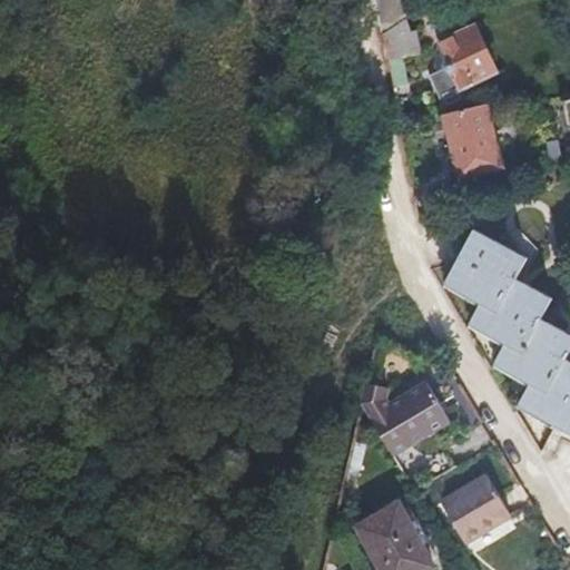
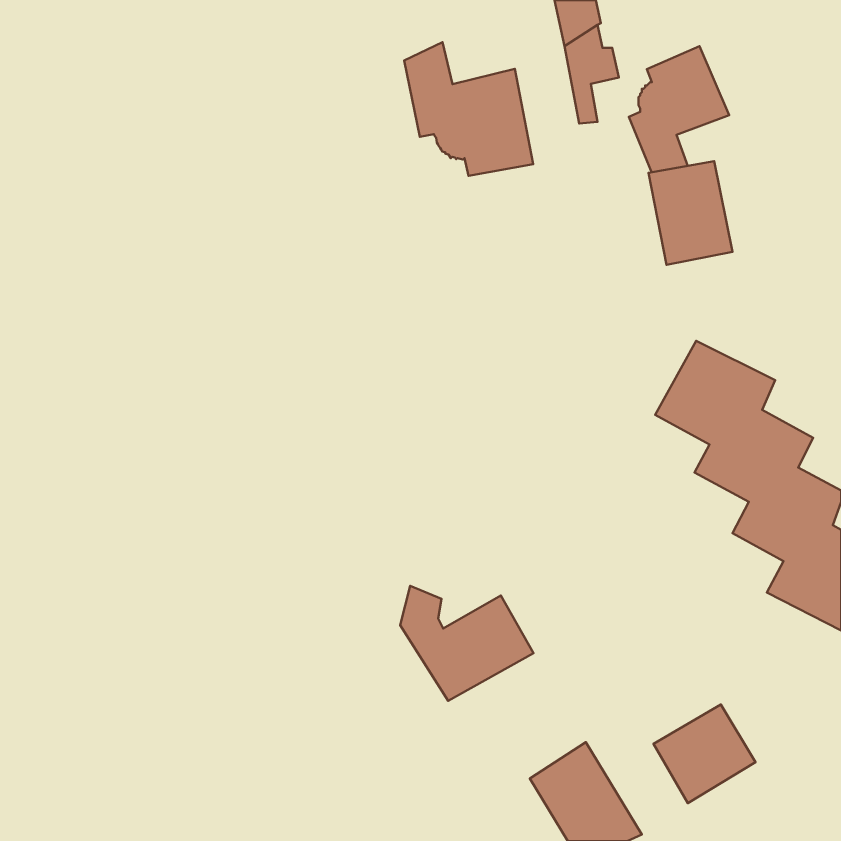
building: none -> [404,42,533,176]
building: [361,377,451,455] -> [400,586,534,701]

